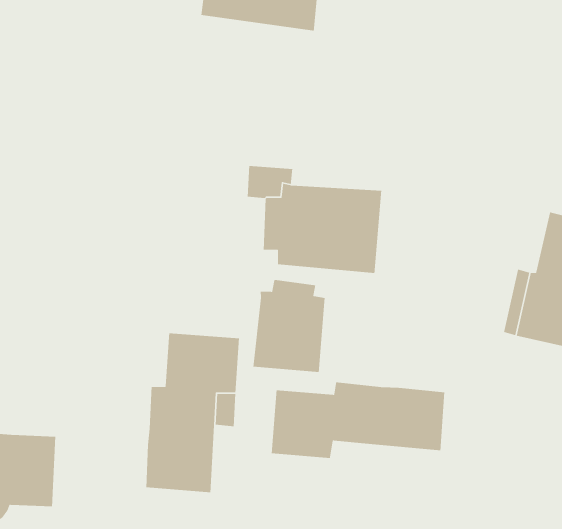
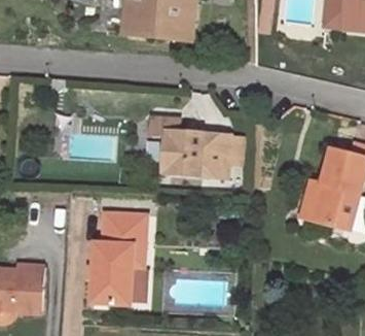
building: [252,279,325,373] -> none
building: [271,382,445,459] -> none

